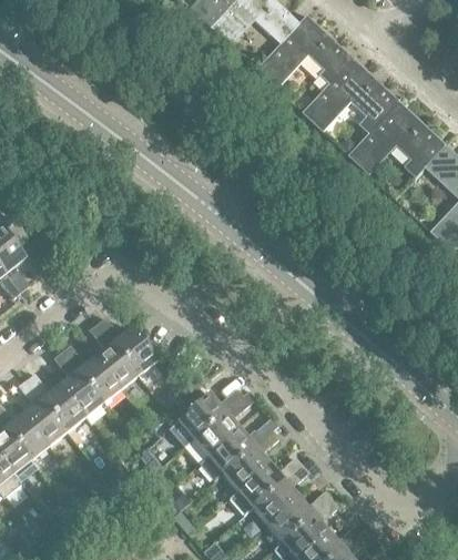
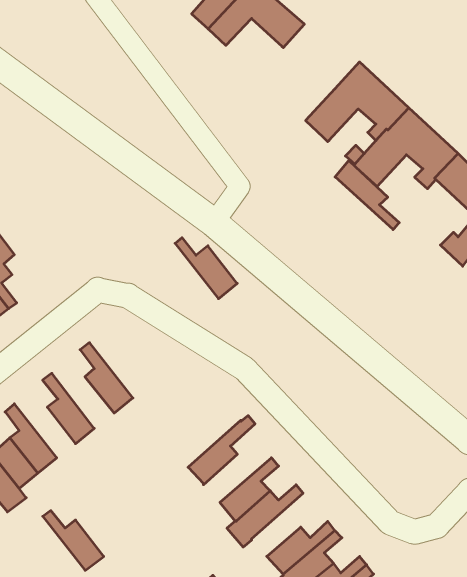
building: [255,17,353,86] -> none
building: none -> [335,161,399,230]
building: [98,318,156,376] -> [175,238,237,299]
building: [62,346,121,405] -> none
building: [27,376,84,432] -> [43,511,104,570]
building: [176,389,241,441] -> none
building: [196,418,278,481] -> none
building: [251,466,306,526] -> none

